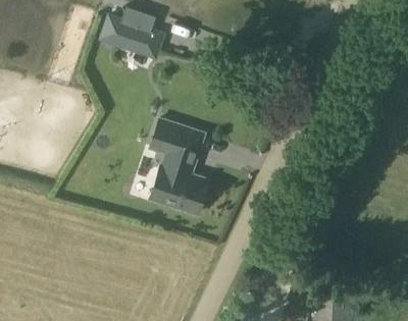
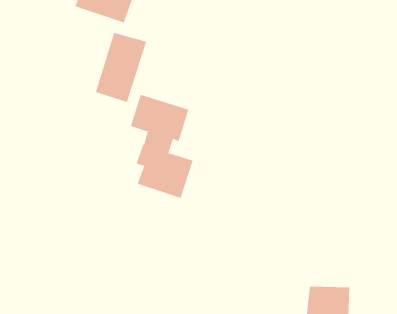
building: none -> [95,32,147,103]

